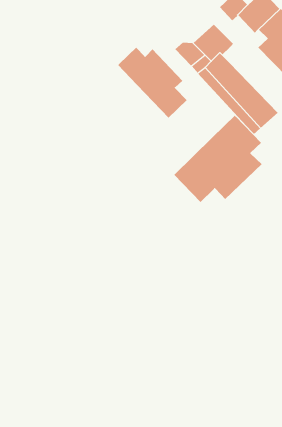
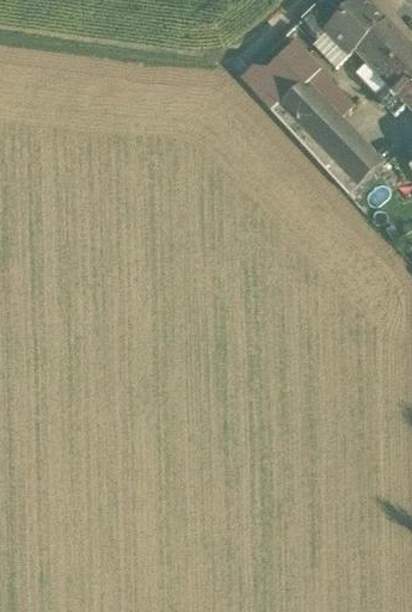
building: [117,47,188,118] -> none
building: [173,115,262,203] -> none

